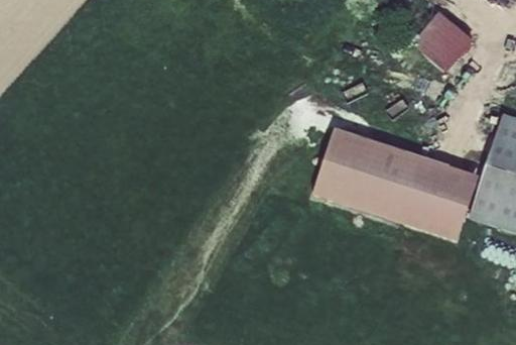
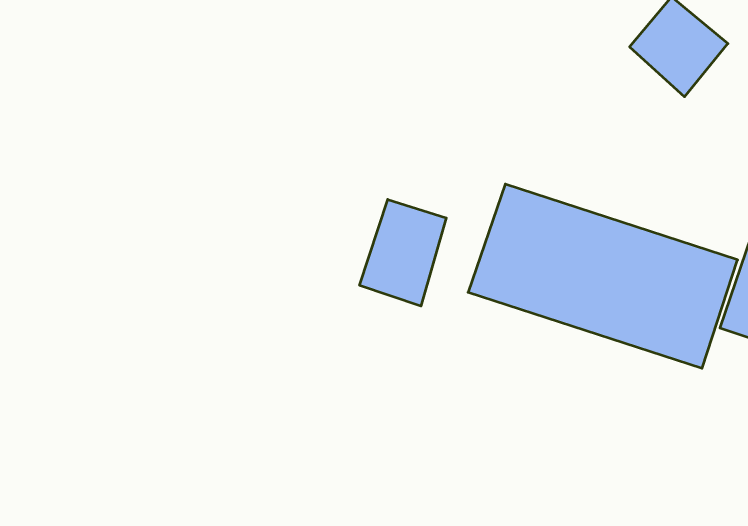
building: none -> [360,199,446,306]

